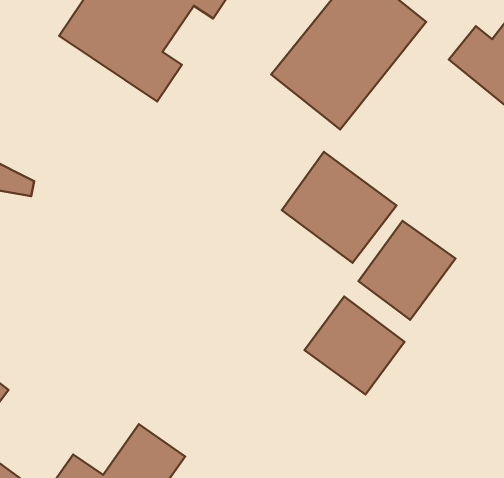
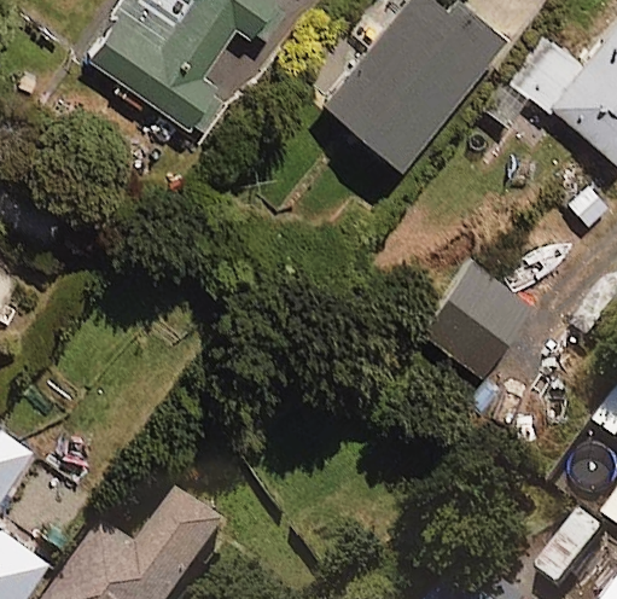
building: [282,152,396,263] -> none
building: [304,296,404,394] -> none

